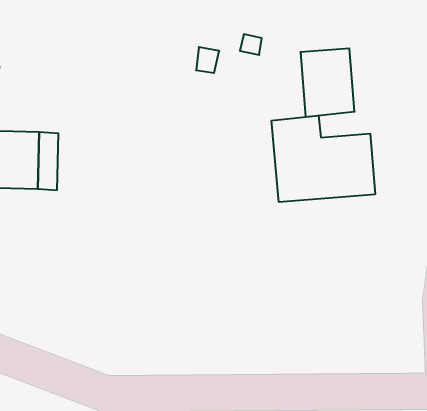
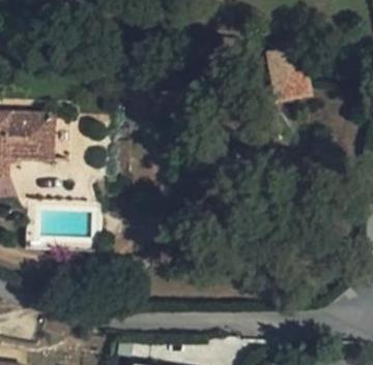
building: [272,115,375,202] -> none

